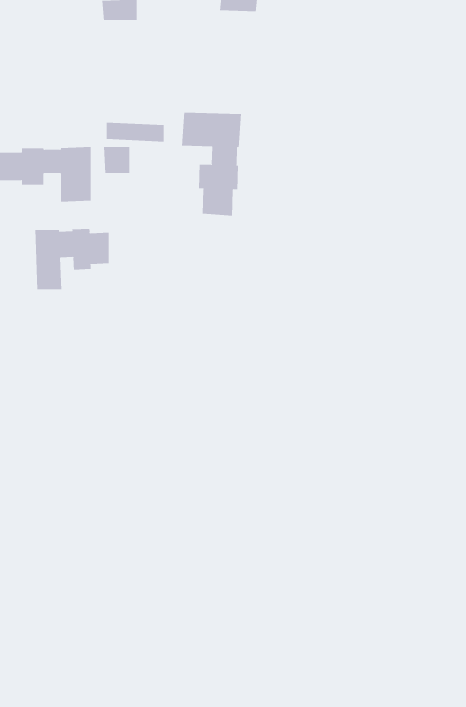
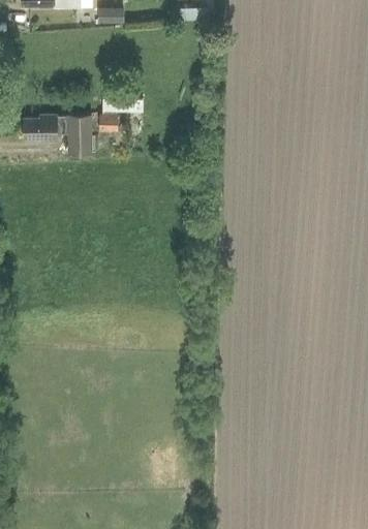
building: [181,112,242,217] -> none
building: [35,228,109,290] -> none

